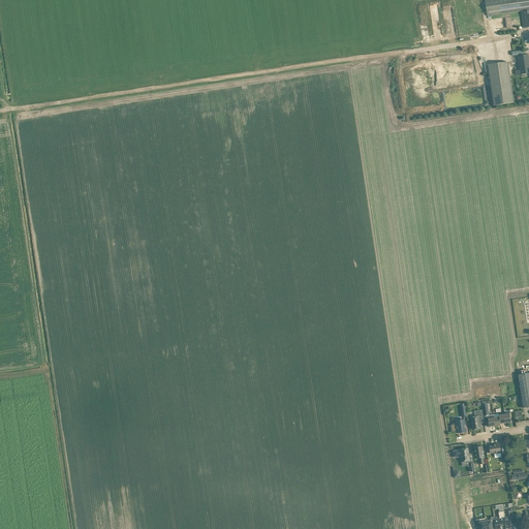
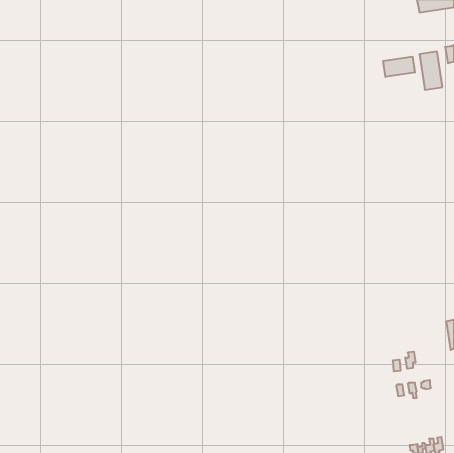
building: none -> [383,57,415,77]

